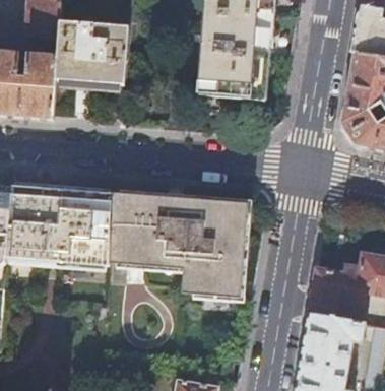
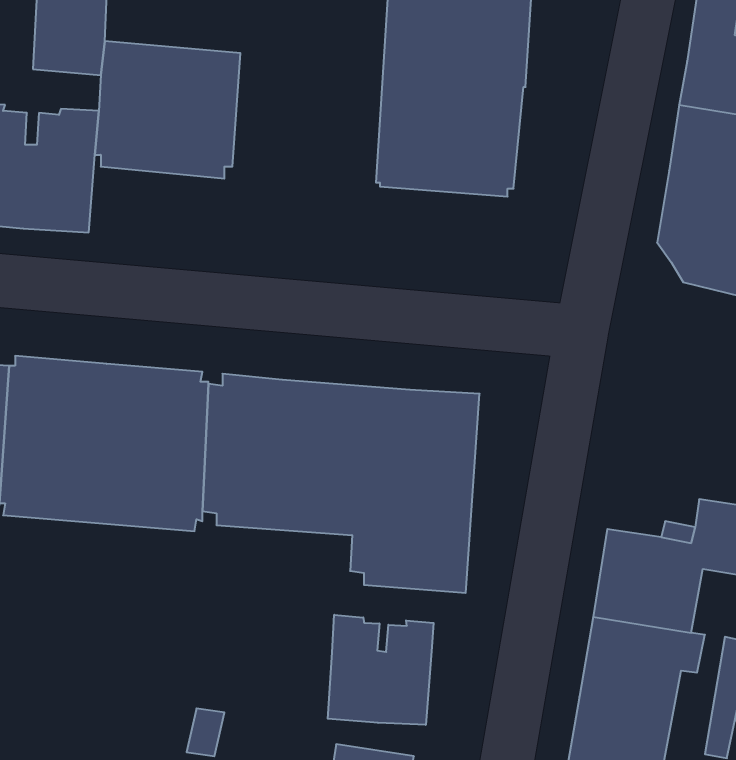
building: none -> [328,615,434,725]

